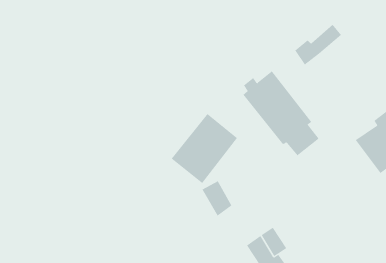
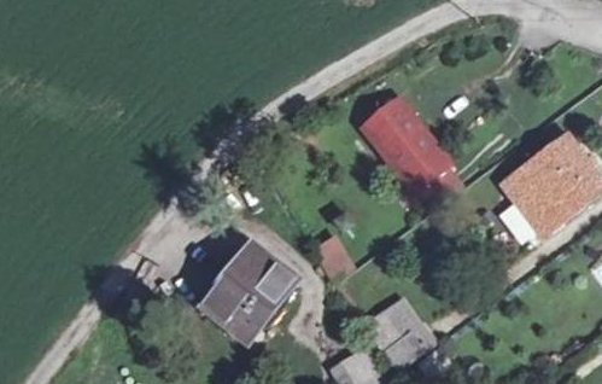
building: [294,24,342,66] -> none
building: [171,113,238,184] -> [208,248,294,339]

